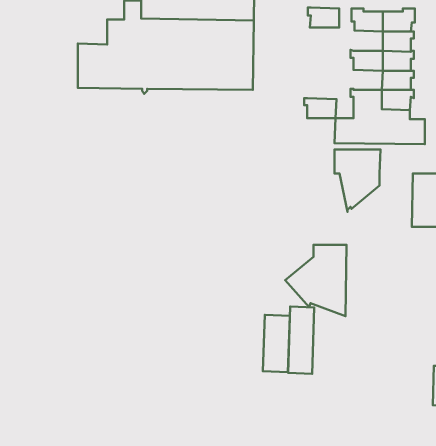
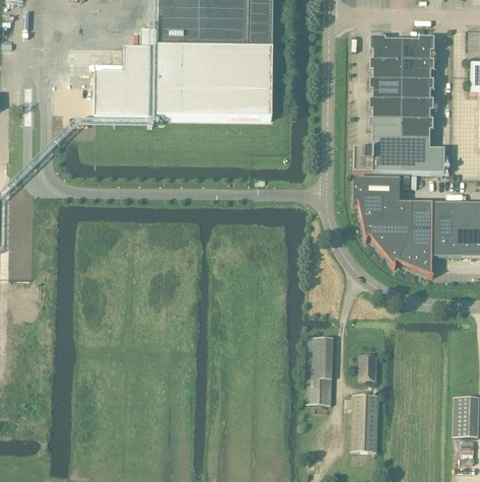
building: [308,7,339,28] -> [370,58,402,78]
building: [304,98,336,118] -> [369,97,402,118]
building: [285,245,347,316] -> [370,202,432,274]
building: [263,315,290,372] -> [351,393,379,451]
building: none -> [359,354,376,378]

